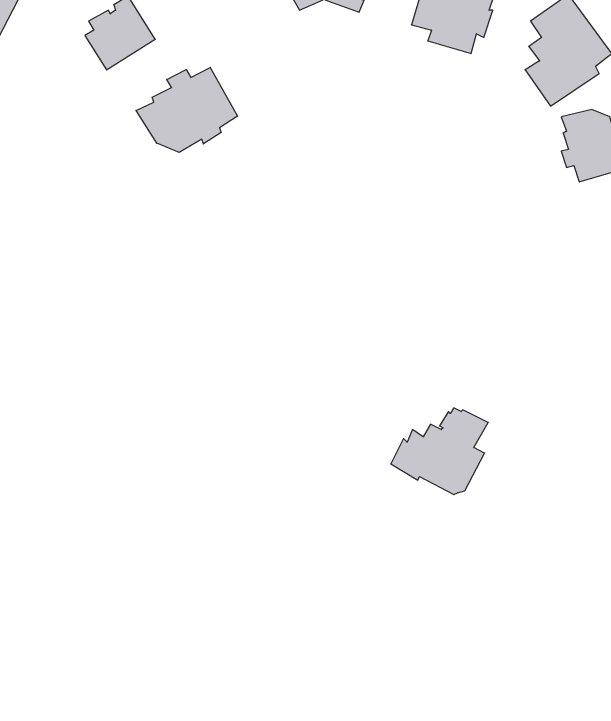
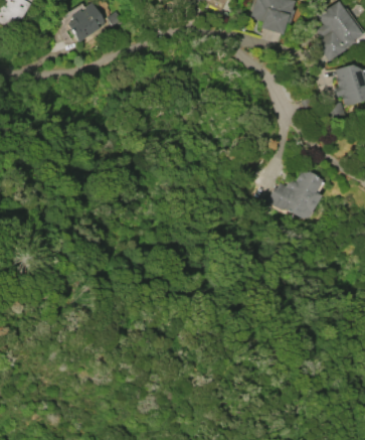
building: [136,67,237,152] -> none
building: [391,408,488,495] -> [269,170,324,218]

